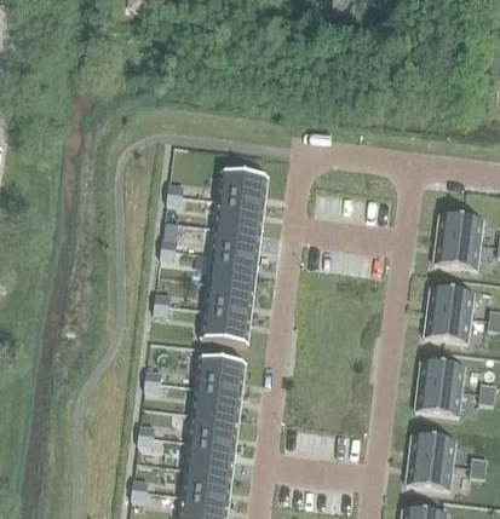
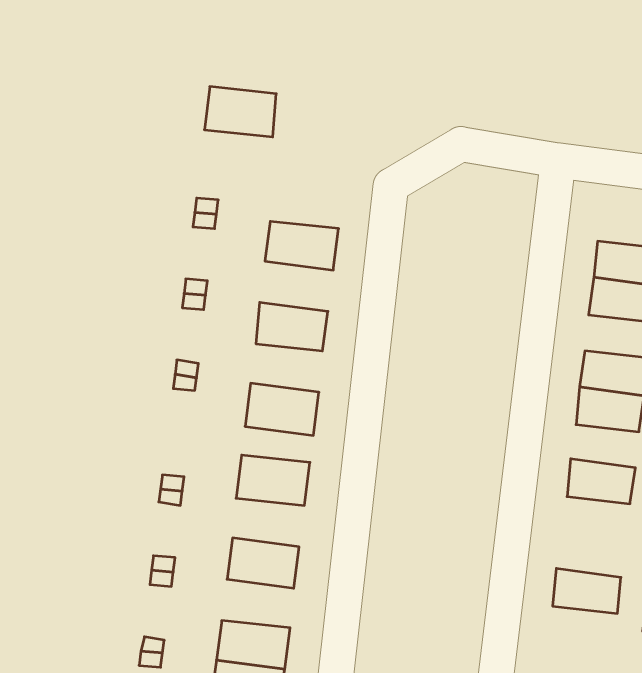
building: [219,169,268,203] -> [204,87,276,137]
building: [212,225,262,259] -> none
building: [206,281,254,313] -> none
building: [415,384,461,414] -> none
building: [194,385,242,417] -> none
building: [186,439,235,472] -> none
building: [406,457,453,488] -> none

